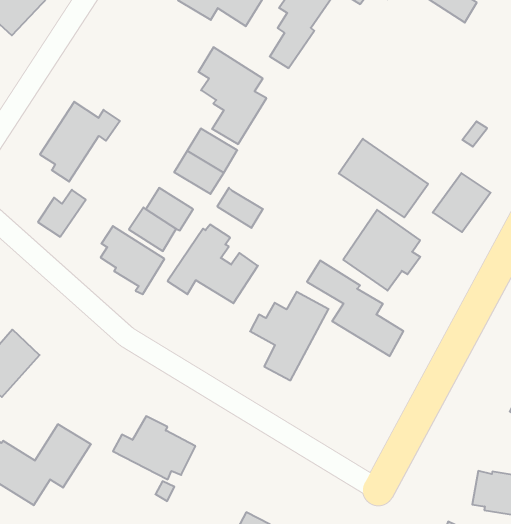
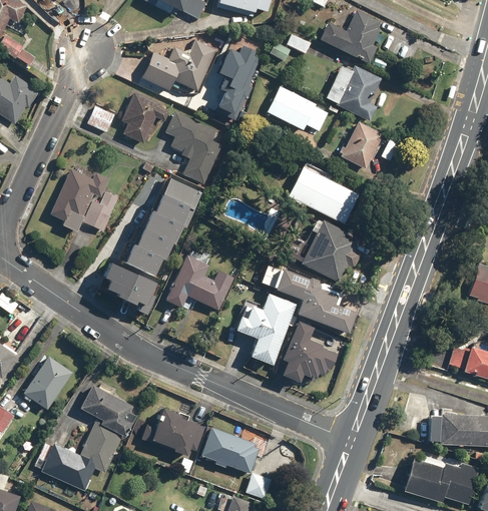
building: none -> [121,92,169,143]
building: none -> [325,65,381,121]
building: none -> [88,105,115,132]
building: none -> [266,86,328,131]
building: [433,173,491,232] -> [340,122,383,168]
building: [217,188,263,228] -> [147,211,183,240]
building: [38,190,86,237] -> [83,192,118,230]
building: none -> [285,322,343,383]
building: none -> [80,384,136,436]
building: none -> [200,427,258,472]

